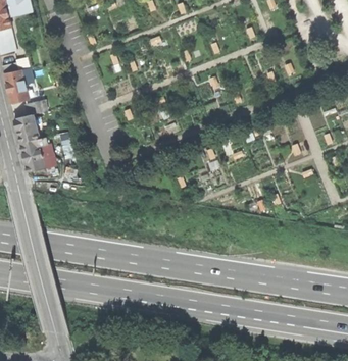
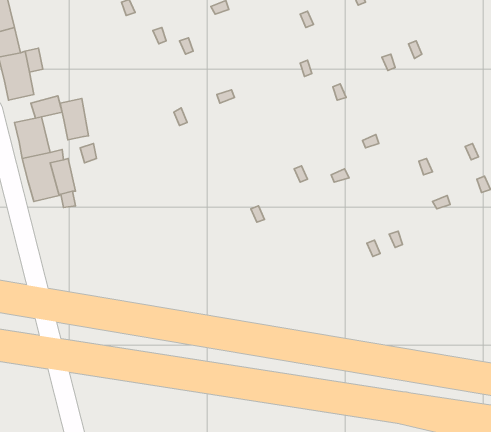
building: none -> [60,99,88,140]

